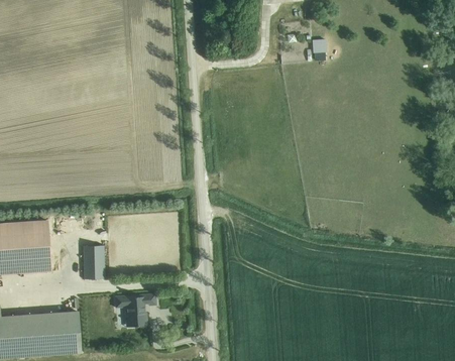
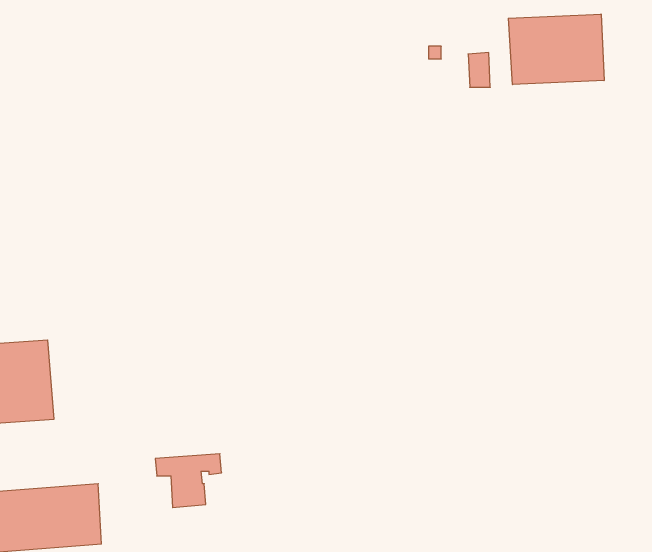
building: none -> [508,14,604,85]
building: [83,245,104,278] -> none

